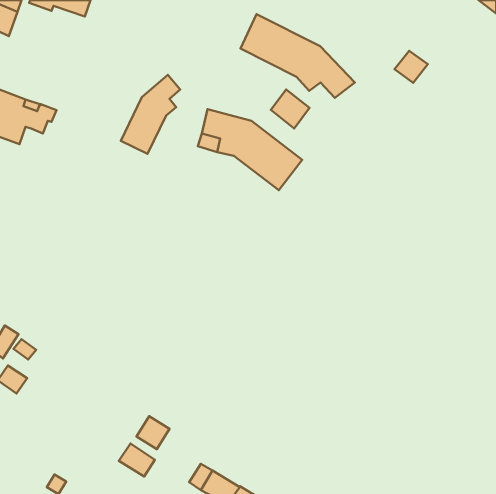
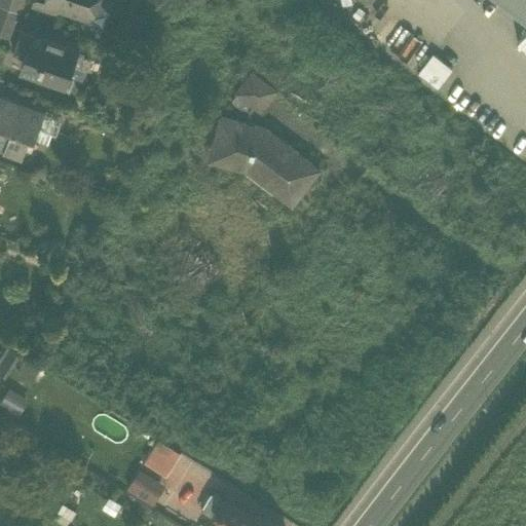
building: [241,14,355,98] -> none
building: none -> [11,31,77,89]
building: [121,75,180,154] -> none
building: [271,89,310,128] -> [233,73,274,114]

